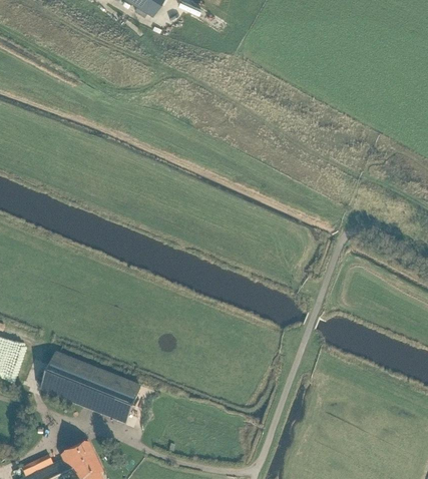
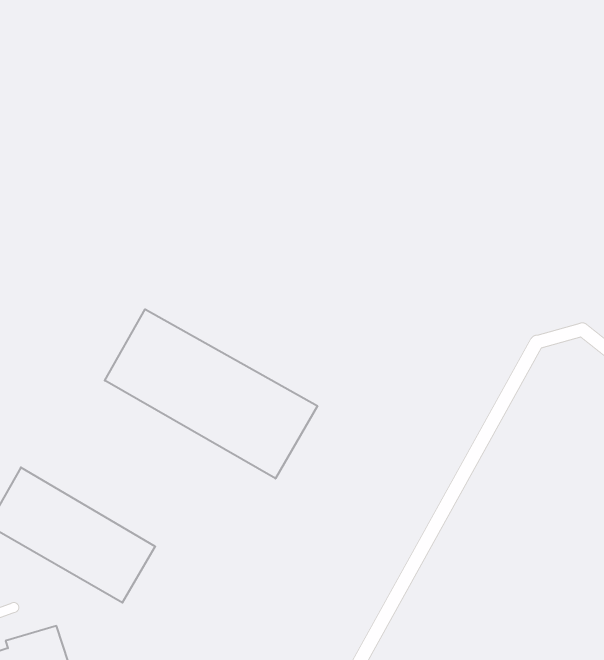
building: none -> [105,309,317,479]

